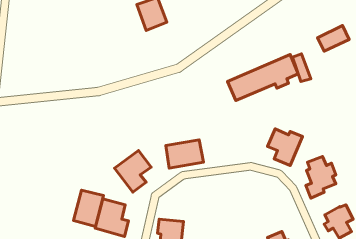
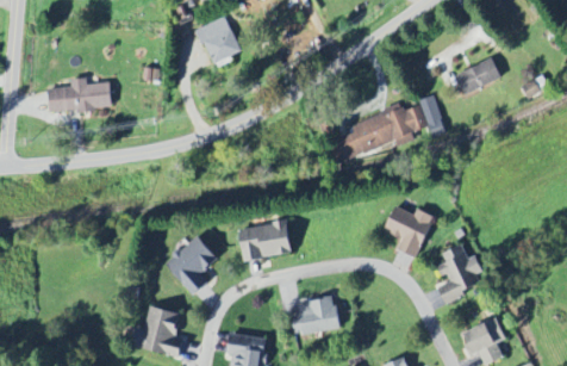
building: none -> [46,77,111,112]
building: [74,190,104,227] -> none
building: none -> [292,298,338,335]

